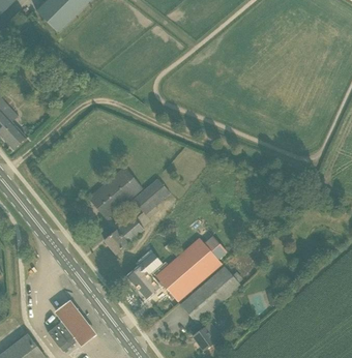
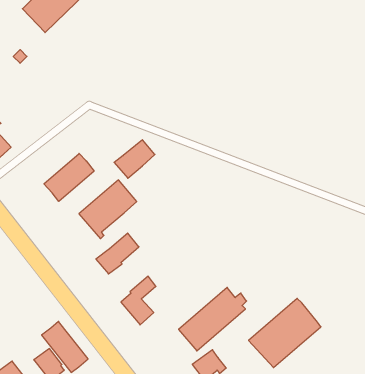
building: none -> [44,153,94,201]
building: [133,179,170,214] -> [114,140,155,178]
building: [155,238,222,301] -> [249,298,321,368]

